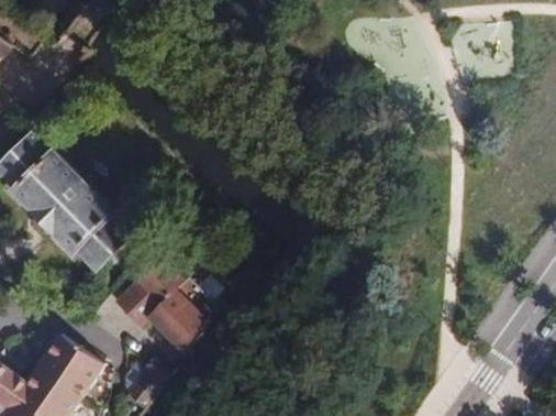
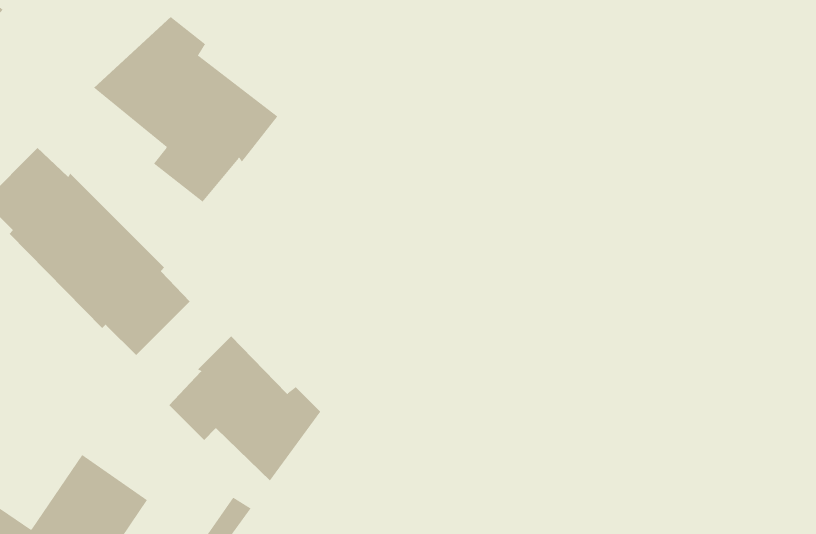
building: none -> [93,16,278,203]

